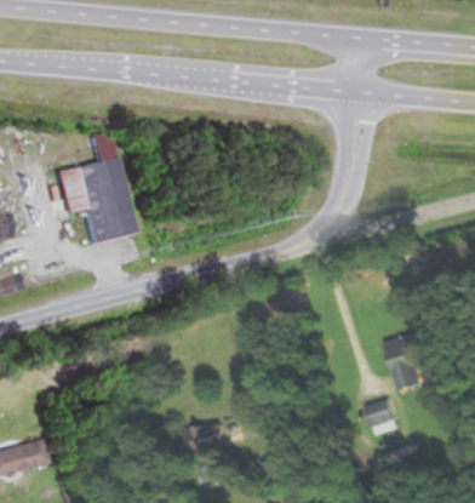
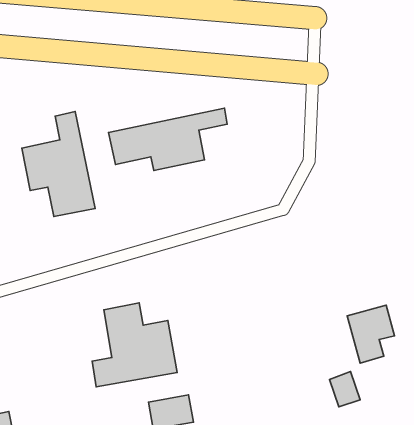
building: none -> [108,108,227,171]
building: none -> [92,303,177,387]

